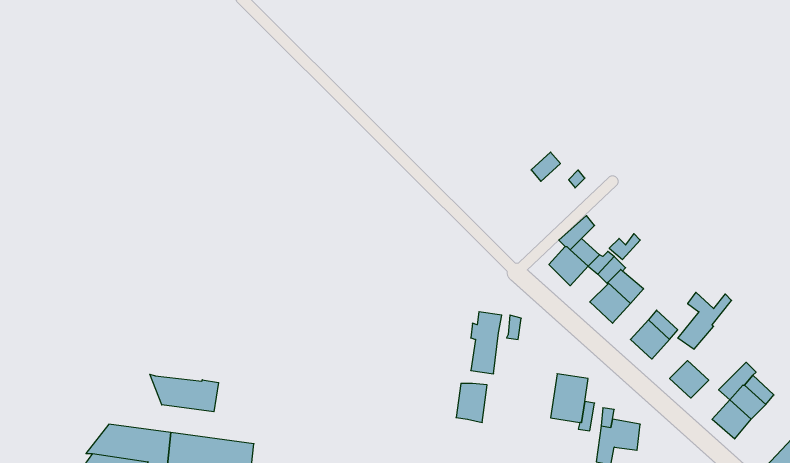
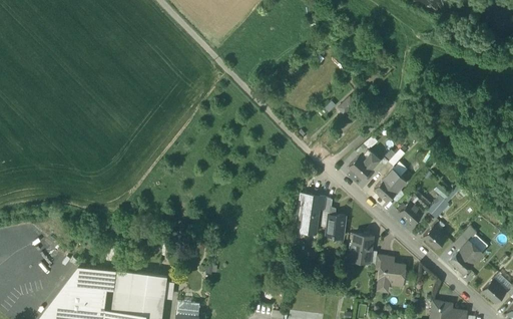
building: [150,374,219,412] -> none
building: [456,383,487,422] -> [326,215,345,239]

